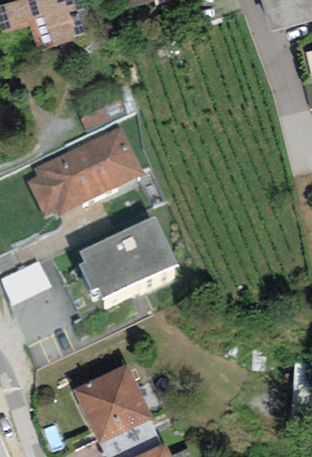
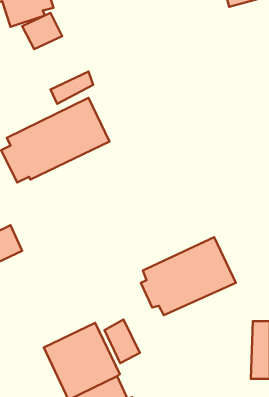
building: none -> [22,13,62,49]
building: [78,216,178,298] -> [141,237,236,315]
building: none -> [104,319,140,363]

